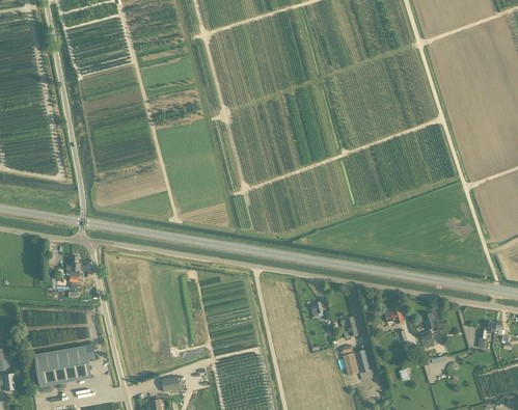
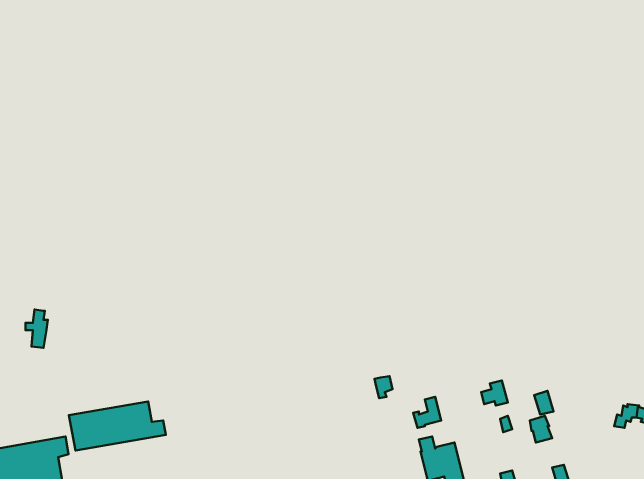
building: none -> [69,401,166,451]

